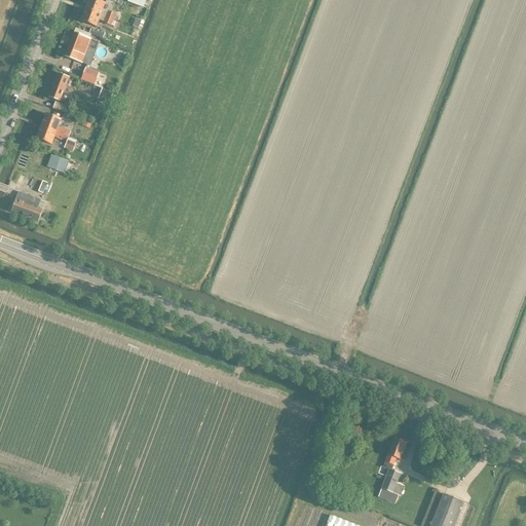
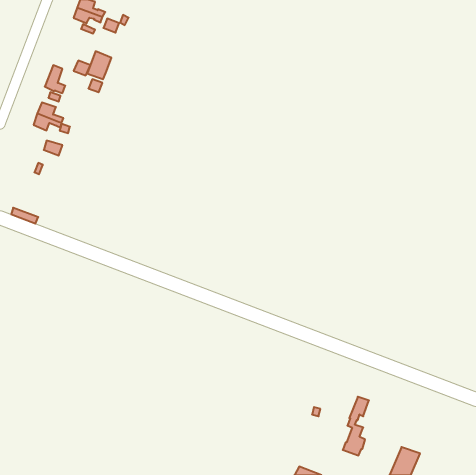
building: [65,31,91,62] -> [87,51,111,79]
building: [11,191,43,221] -> none

